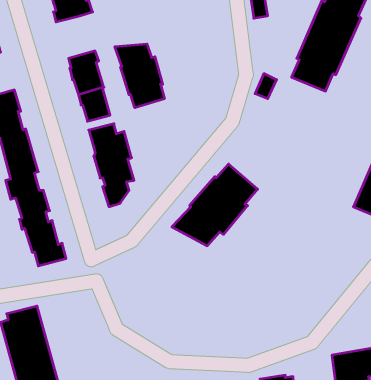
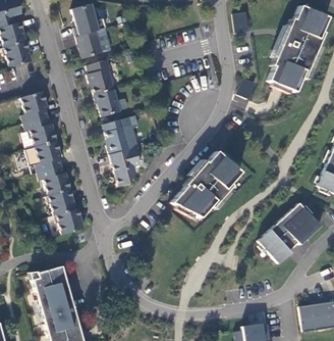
building: none -> [76,31,102,58]
building: [115,44,164,108] -> none
building: none -> [258,202,320,263]

